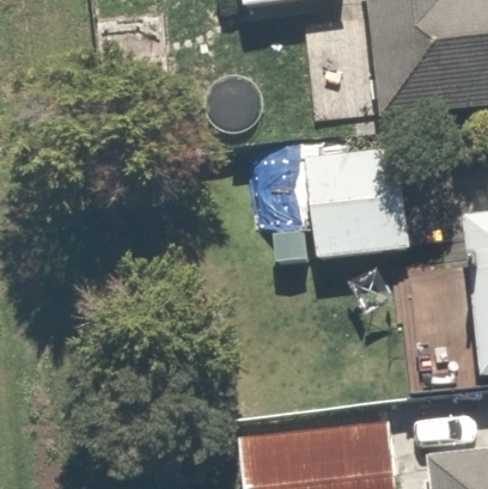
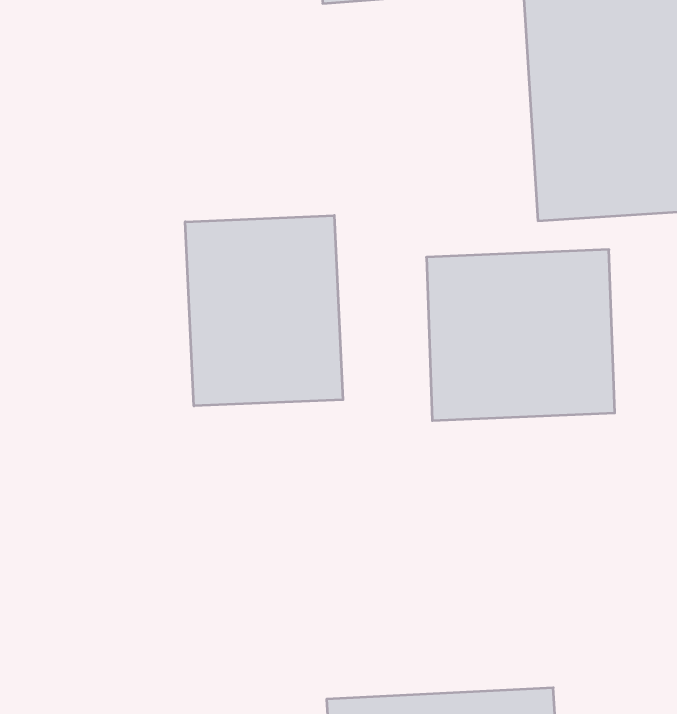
building: none -> [185,215,343,406]

